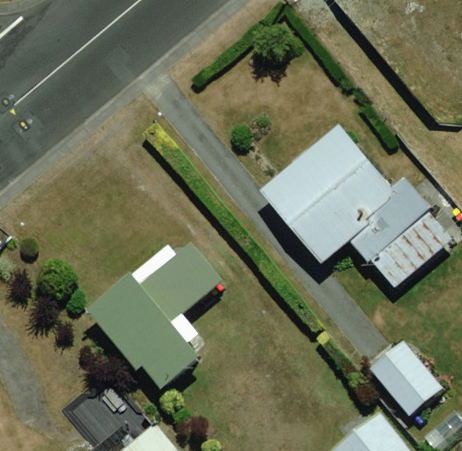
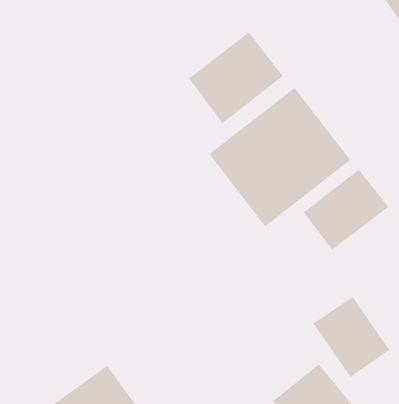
building: none -> [188,31,284,124]
building: [90,238,239,384] -> none

